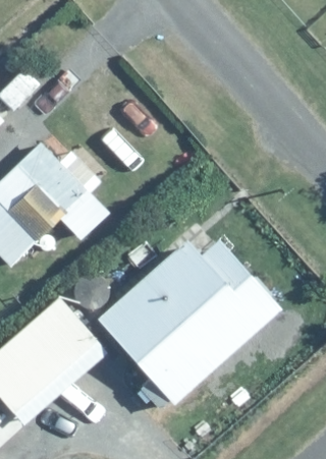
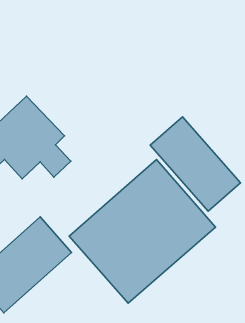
building: none -> [150,117,240,211]

